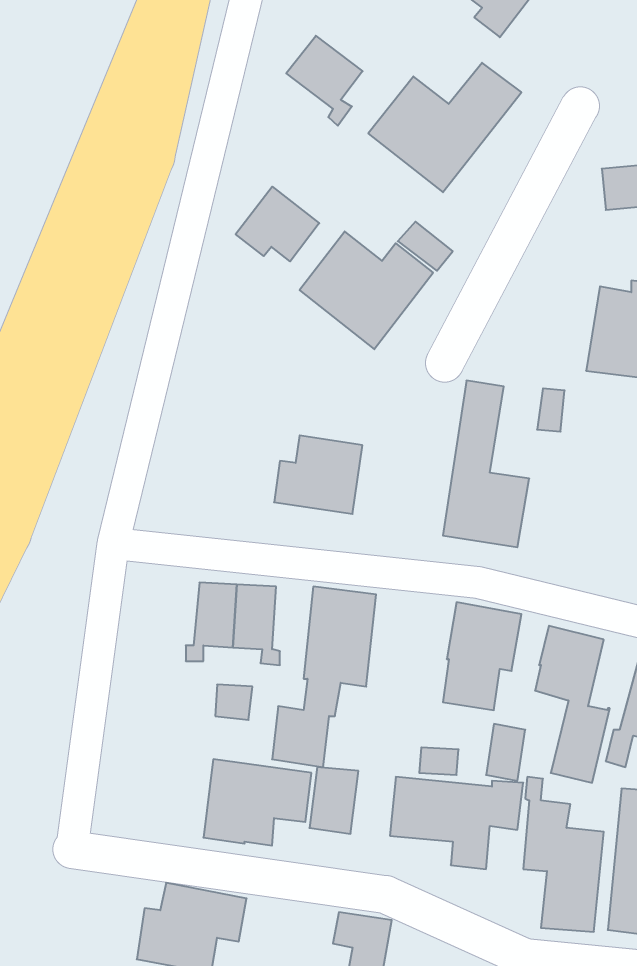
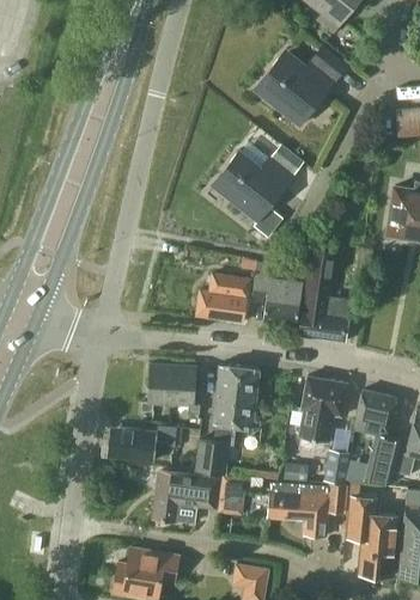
building: [286,36,363,126] -> none
building: [236,187,319,261] -> none
building: none -> [252,262,303,325]
building: none -> [108,427,158,461]

